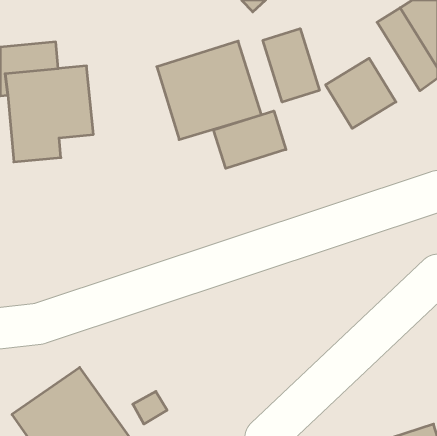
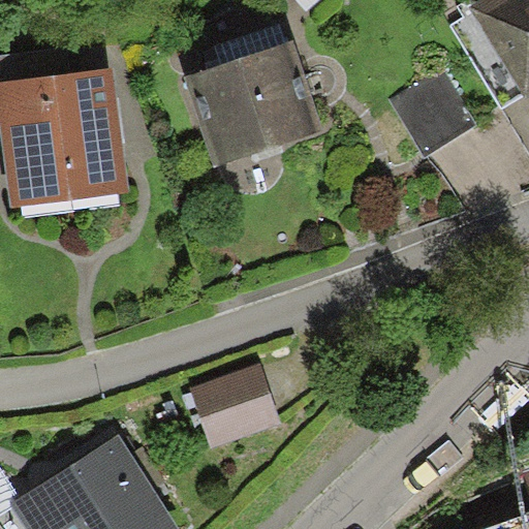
building: [263,29,319,102] -> none
building: [214,111,286,168] -> none
building: none -> [194,355,274,426]

